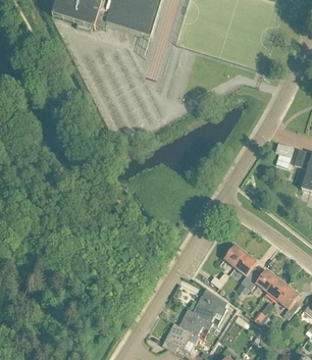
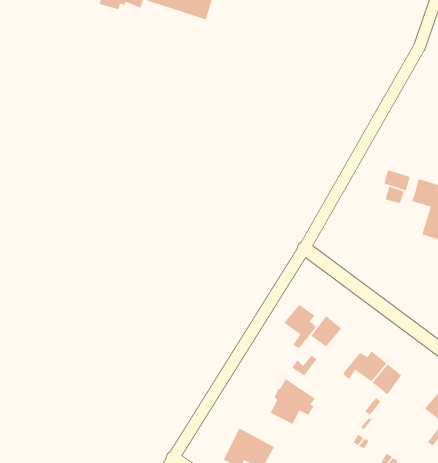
building: [233,253,257,285] -> [283,304,317,349]
building: [276,285,300,318] -> none
building: [180,308,212,335] -> none

